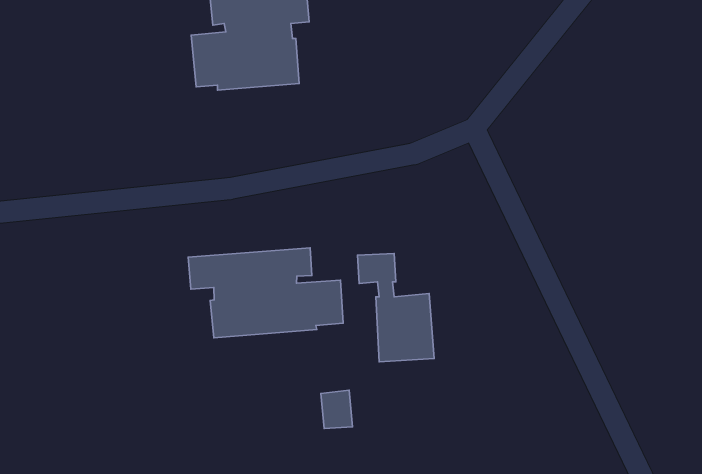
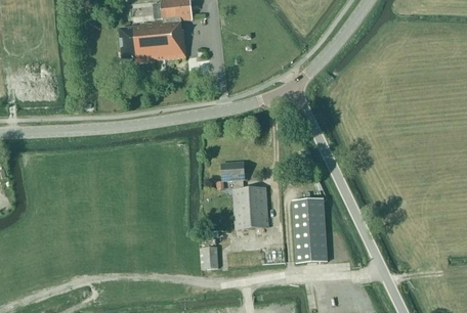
building: [188,248,343,338] -> none
building: none -> [293,198,328,263]

